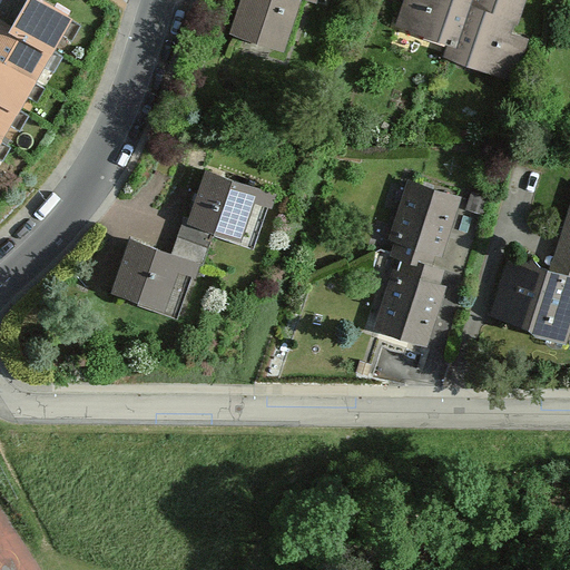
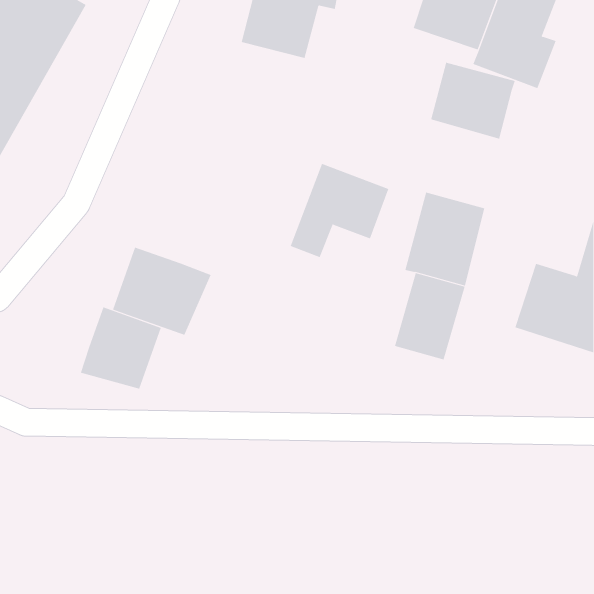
building: none -> [430,62,515,140]
building: [173,171,267,262] -> [290,163,389,258]
building: none -> [80,307,161,390]

